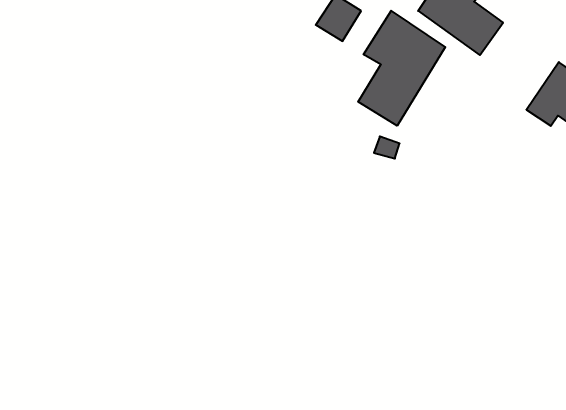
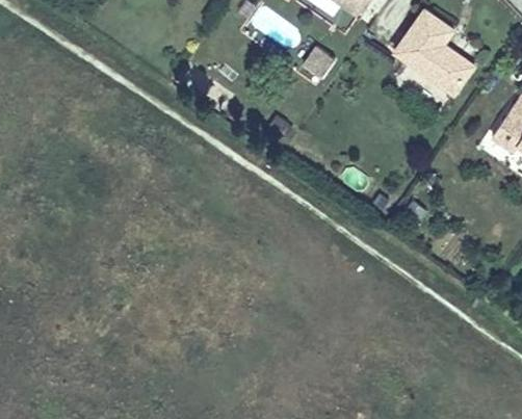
building: [358,11,445,126] -> none

